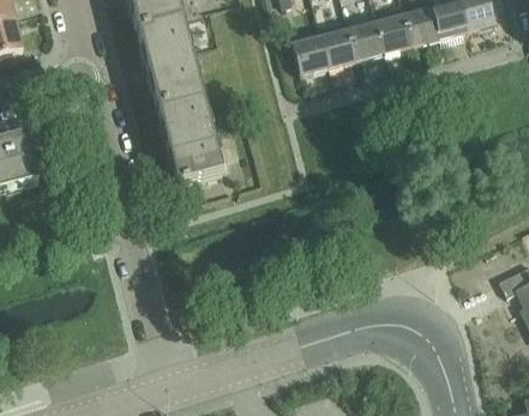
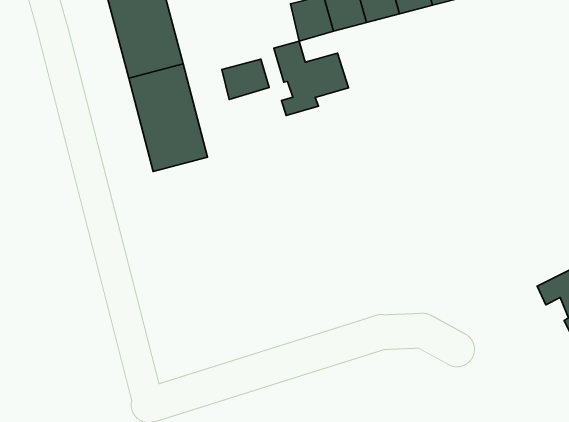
building: none -> [274,41,348,115]
building: none -> [222,59,269,100]

